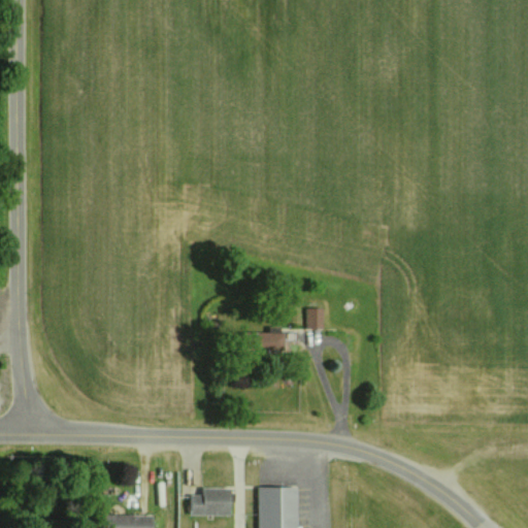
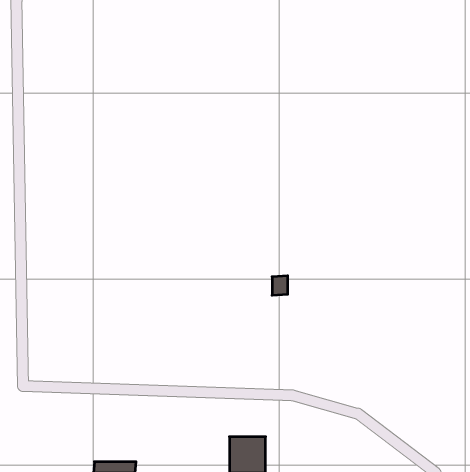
building: [259,333,286,351] -> none
building: [191,489,233,516] -> none

